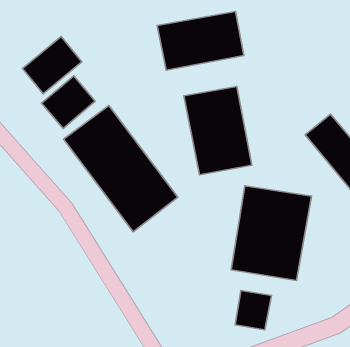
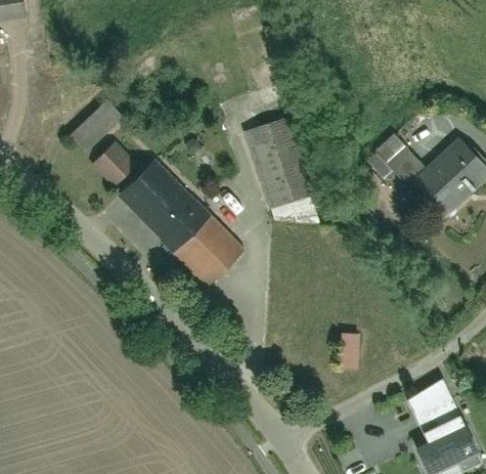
building: [157,12,244,70] -> none
building: [231,186,311,280] -> none

